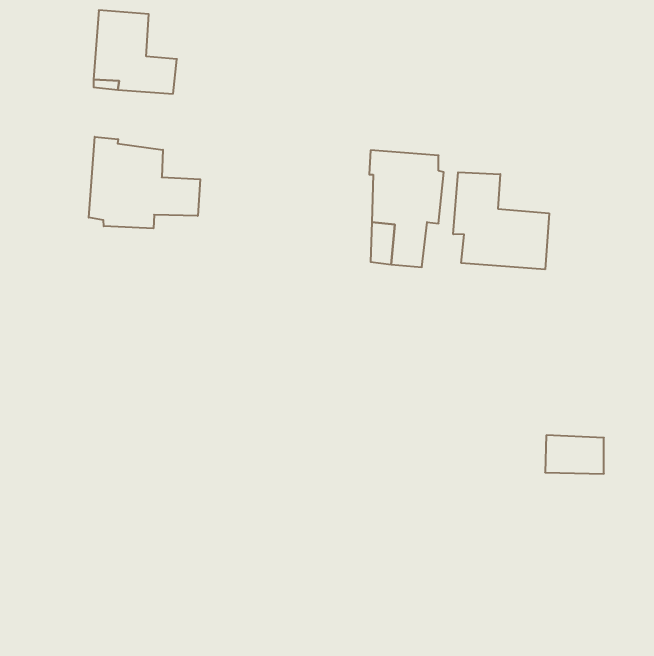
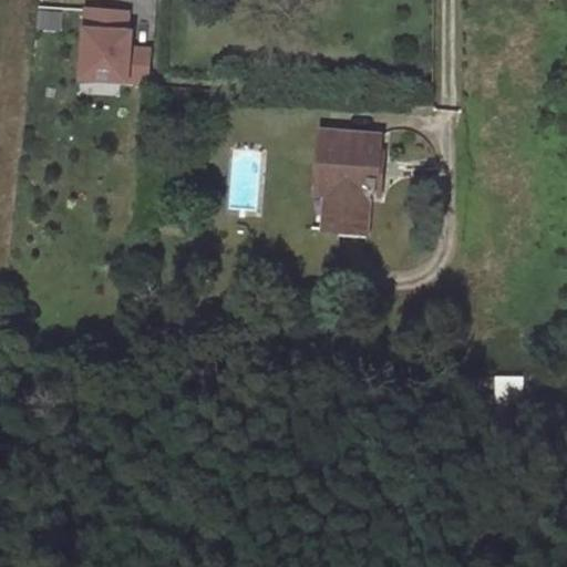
building: [89,137,200,228] -> none
building: [453,172,549,269] -> none

